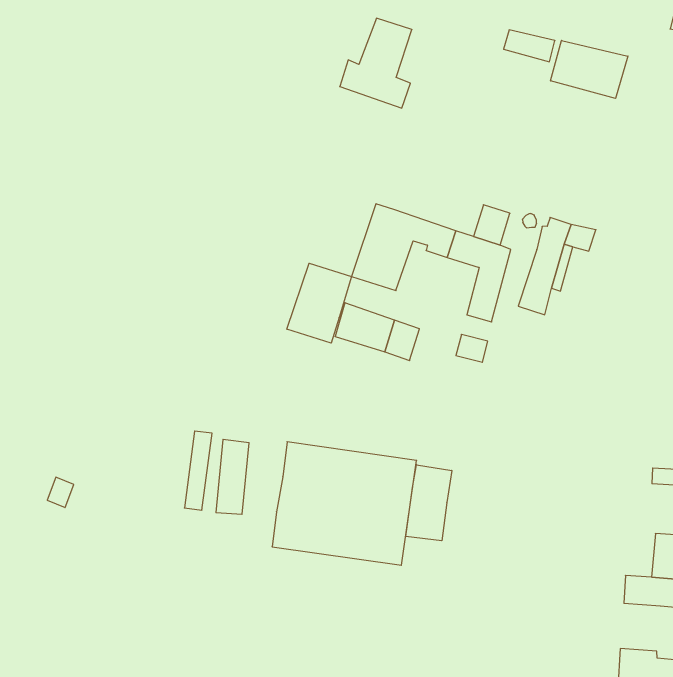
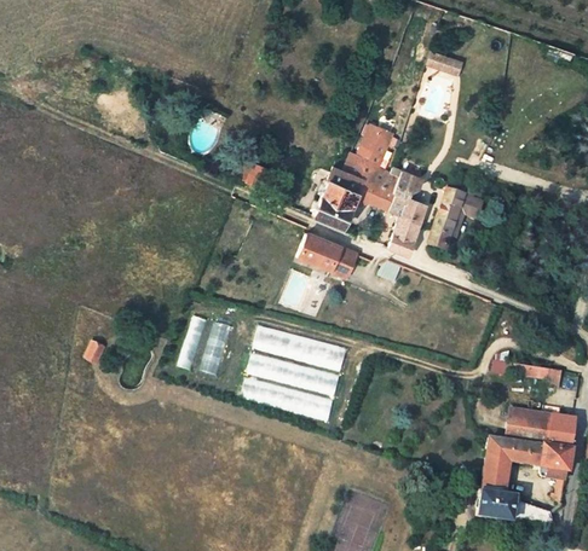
building: [340,18,412,108] -> [344,124,397,188]
building: [551,40,628,98] -> none
building: [287,263,352,343] -> none
building: [406,465,452,541] -> none
building: none -> [480,457,511,492]

